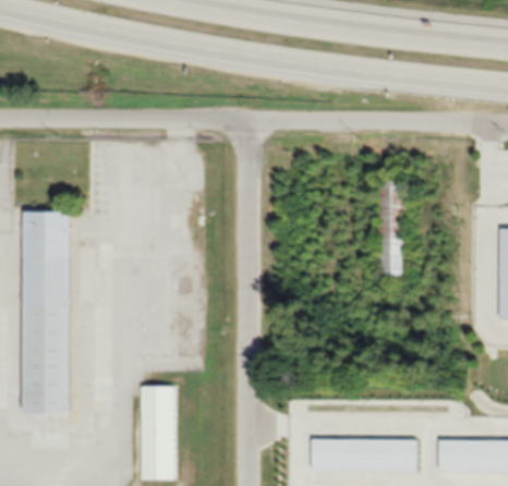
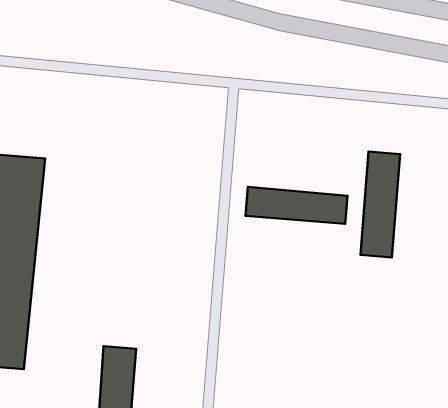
building: none -> [245,187,347,224]

